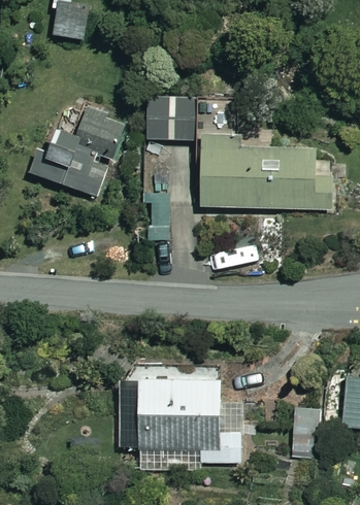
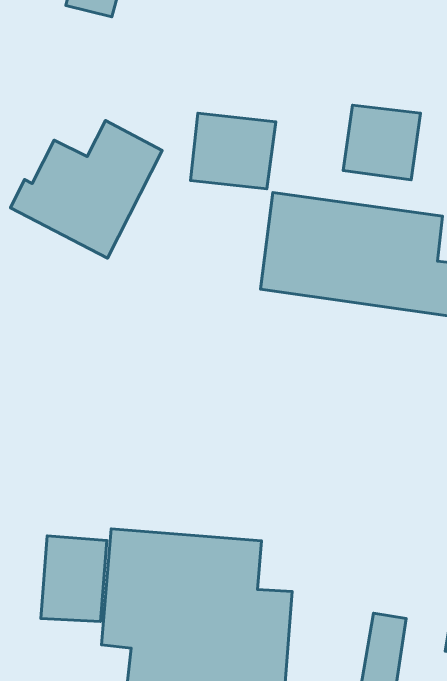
building: none -> [343,105,420,180]
building: none -> [41,536,107,621]

